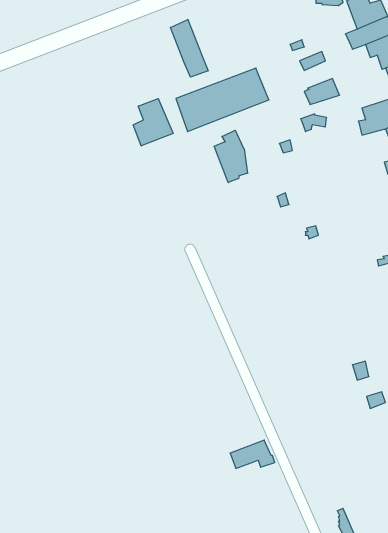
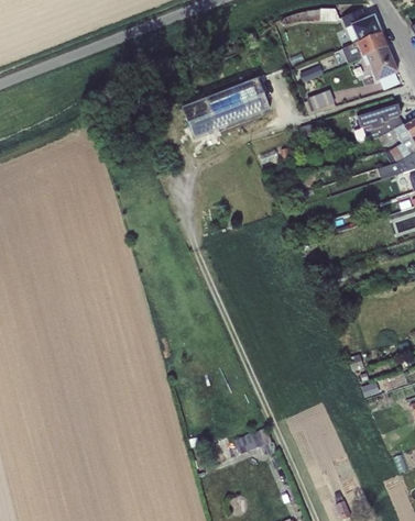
building: [170,19,208,77] -> none
building: [133,99,173,146] -> none
building: [214,130,248,183] -> none

